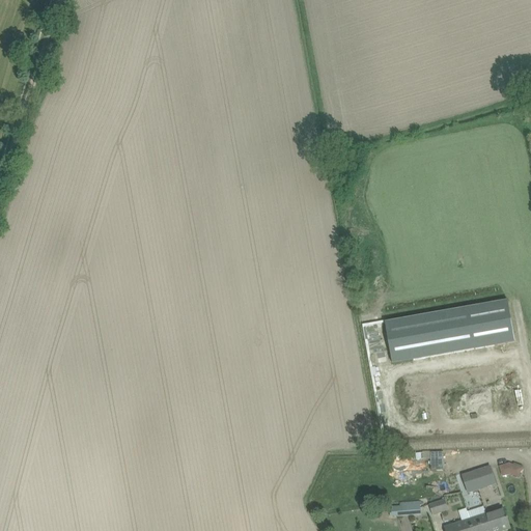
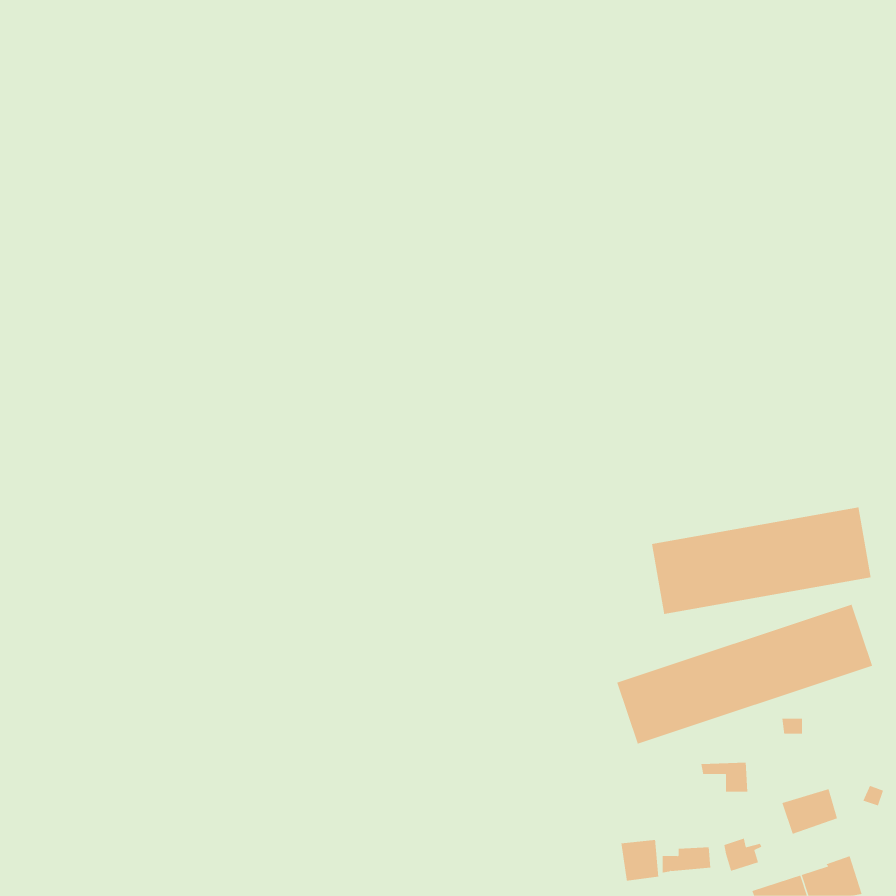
building: none -> [617,604,873,745]
building: none -> [621,839,659,882]

